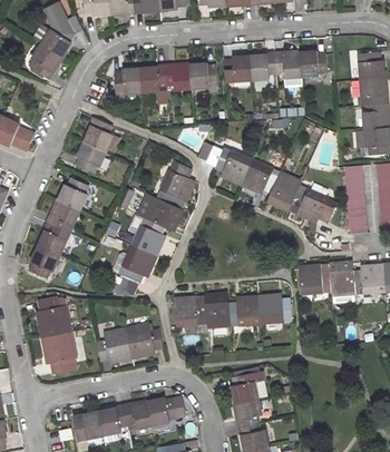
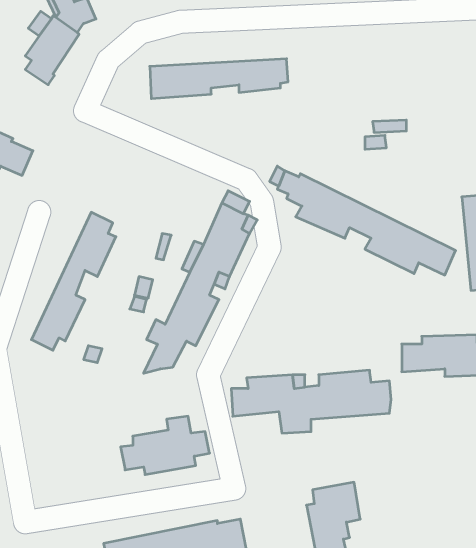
building: [224,55,326,80] -> none
building: [78,117,123,175] -> none
building: [36,297,76,372] -> none

